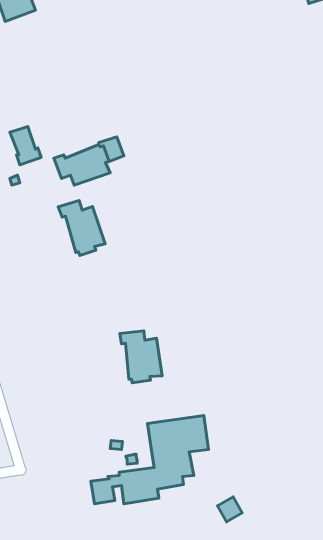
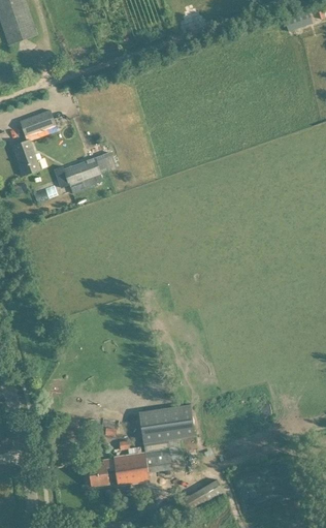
building: none -> [20,111,55,136]
building: [58,200,105,255] -> none
building: [120,331,162,383] -> none

